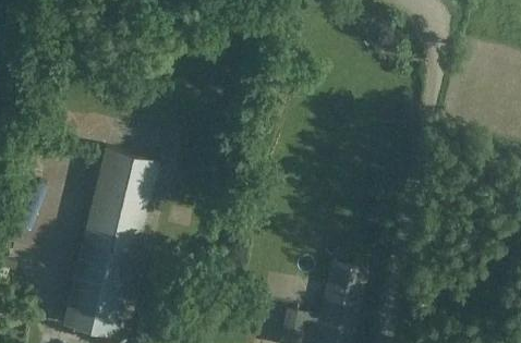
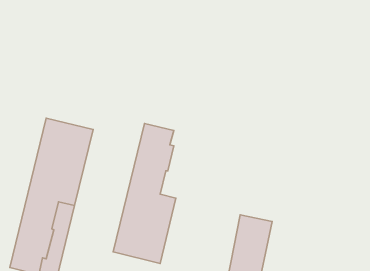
building: none -> [113,124,176,263]

